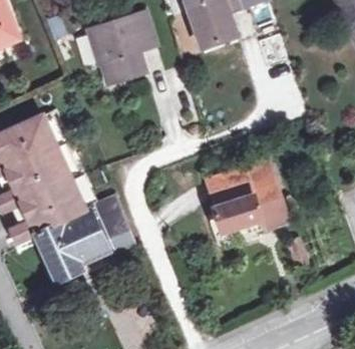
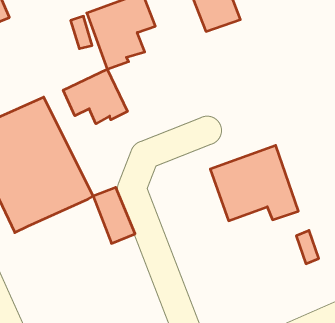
building: none -> [63,69,127,124]
building: [36,208,114,282] -> none

